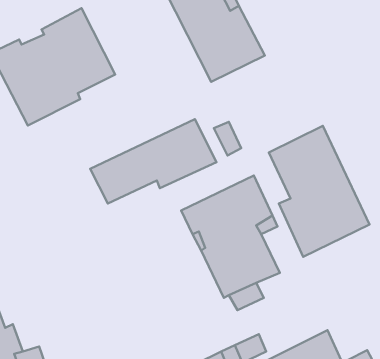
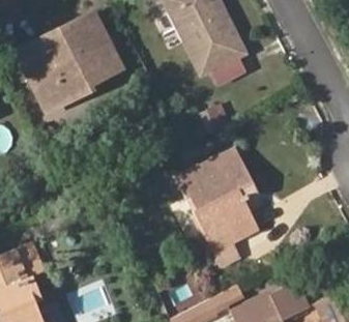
building: [90,119,216,204] -> none
building: [269,126,370,257] -> none

